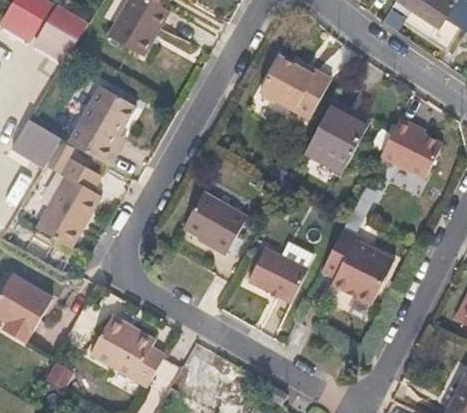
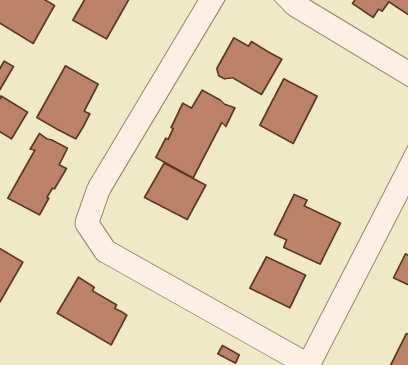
building: none -> [156,90,235,178]
building: [379,113,441,176] -> none
building: [248,246,308,301] -> [250,257,306,308]

